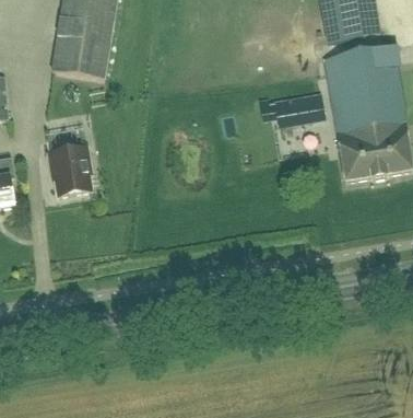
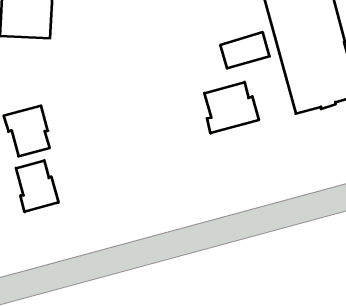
building: none -> [204,82,259,133]
building: none -> [16,160,58,212]

